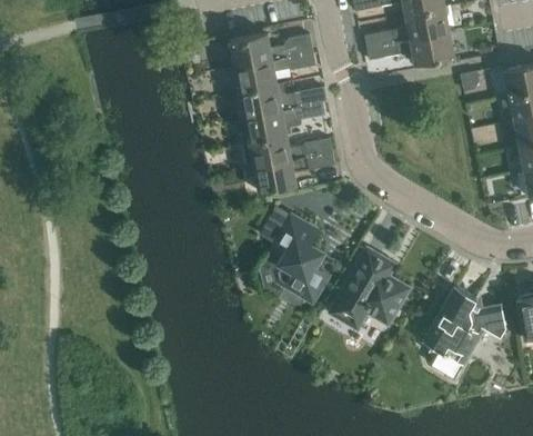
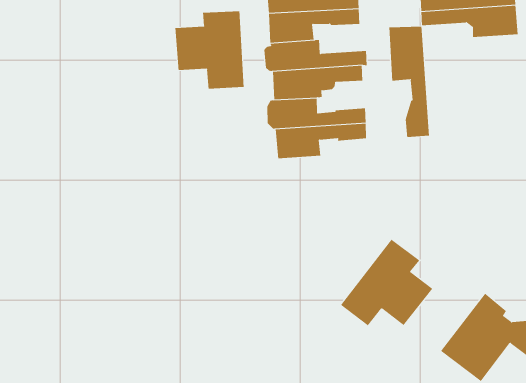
building: none -> [389,26,429,138]
building: none -> [175,11,244,90]
building: [260,208,328,299] -> none

